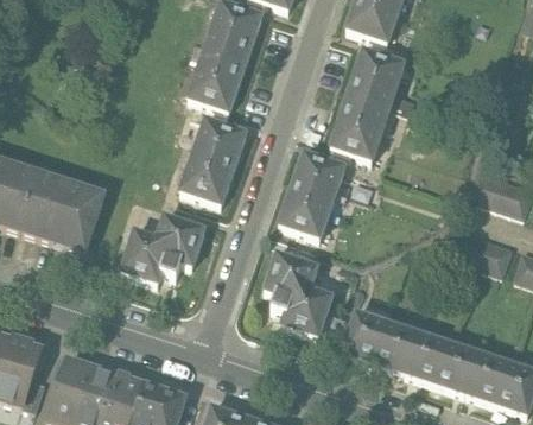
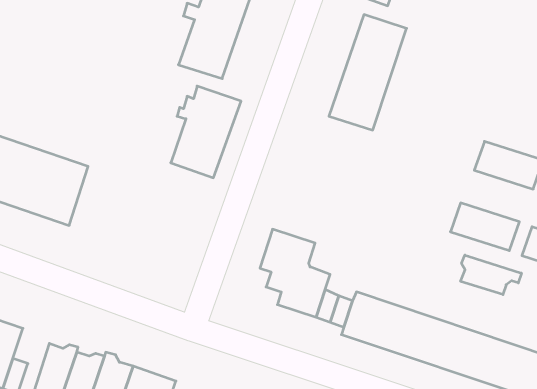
building: [279,152,344,237] -> none
building: [121,215,204,283] -> none
building: none -> [461,255,521,295]

